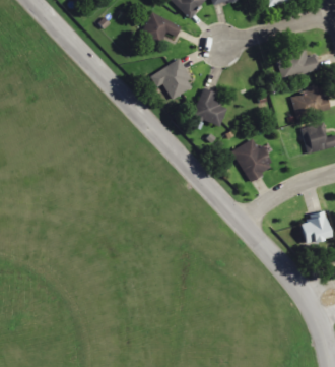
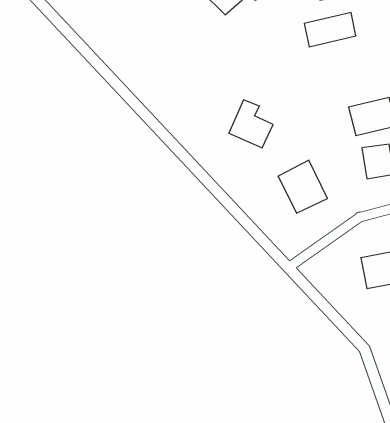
building: [140,12,182,46] -> none
building: [277,51,320,79] -> [304,12,356,47]
building: [150,59,195,99] -> none

